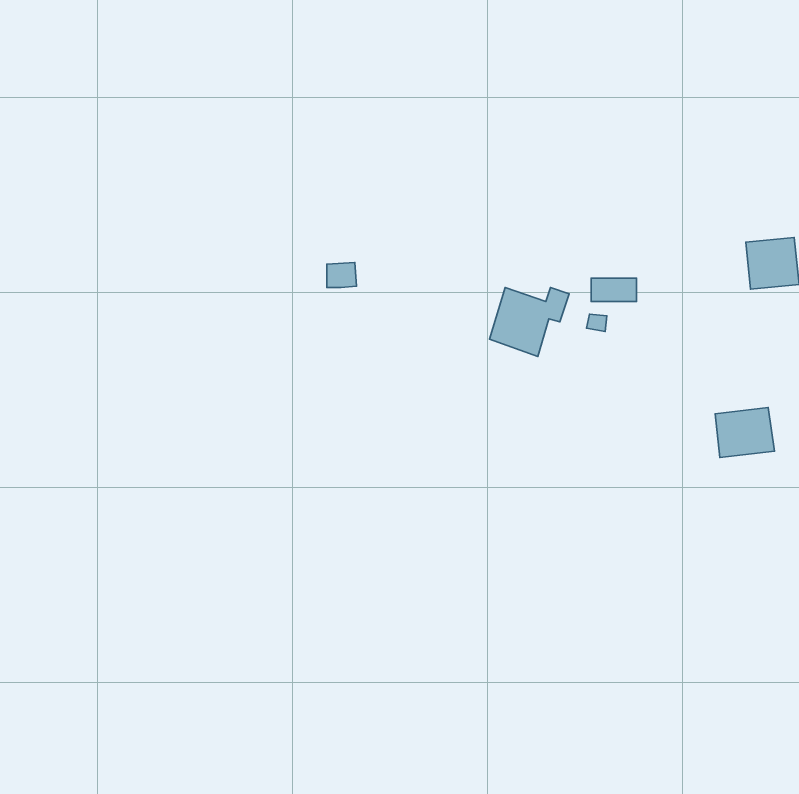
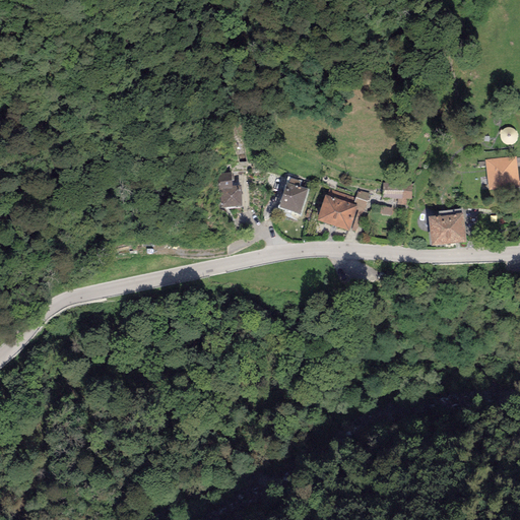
building: none -> [278,183,309,214]
building: none -> [221,186,242,206]
building: [715,407,774,457] -> [428,213,466,246]

